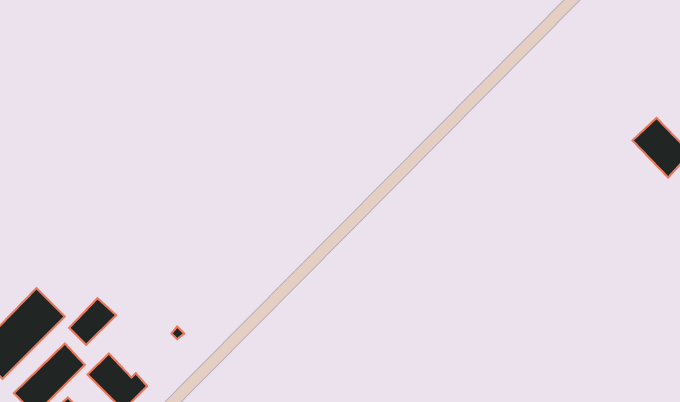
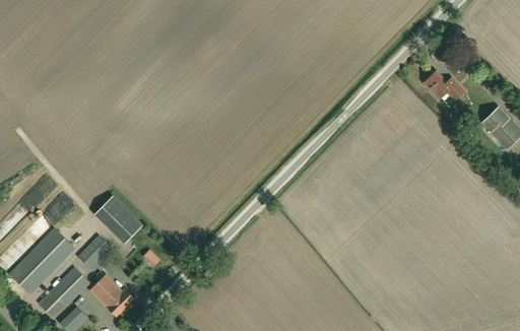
building: none -> [424,71,463,101]
building: none -> [94,196,141,243]

